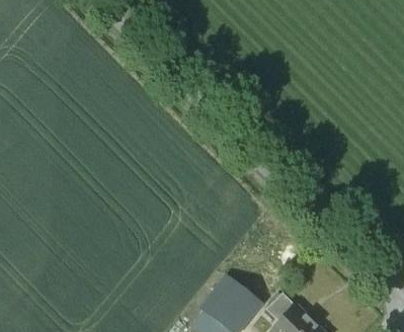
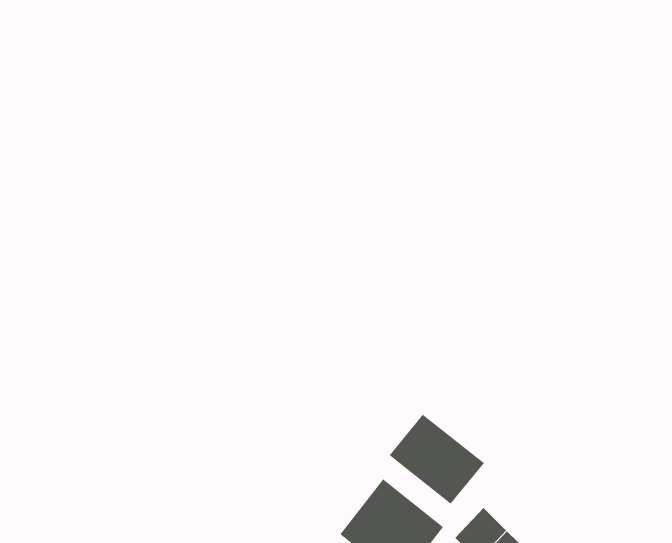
building: none -> [389,414,485,505]

